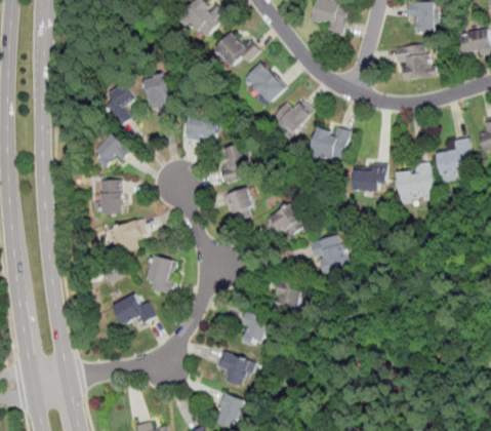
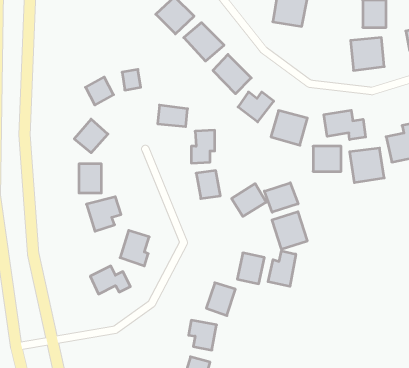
building: none -> [324,110,366,140]
building: none -> [264,183,298,212]
building: none -> [268,251,296,286]

